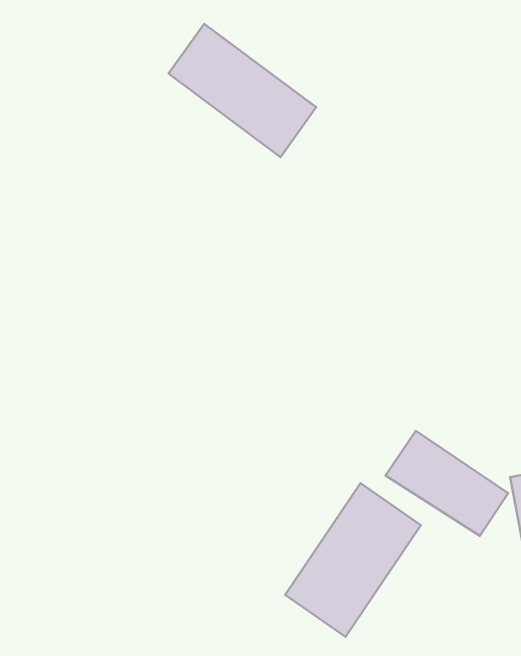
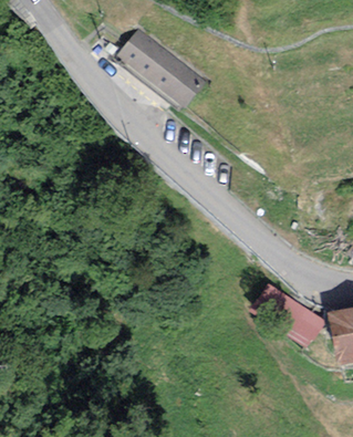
building: [285,483,421,637] -> none

